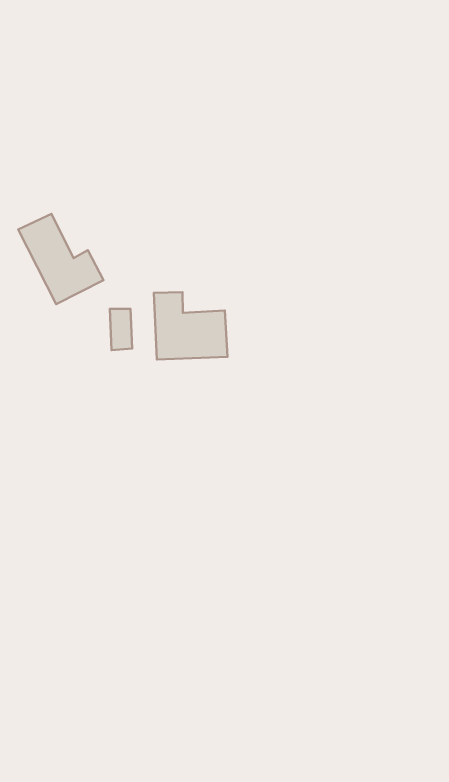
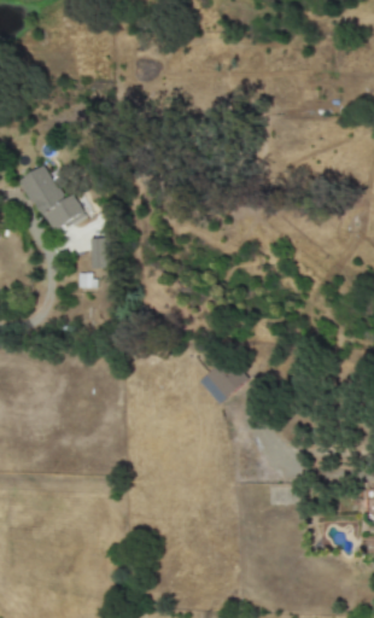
building: [154,292,227,360] -> none

